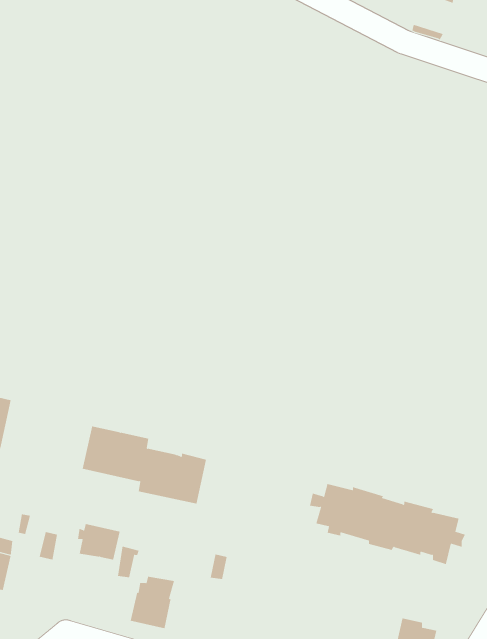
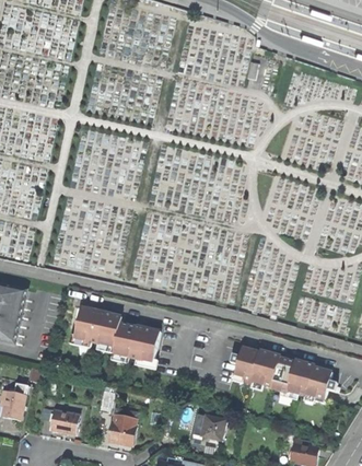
building: [77,524,120,560] -> [49,409,79,434]
building: none -> [200,416,224,441]

